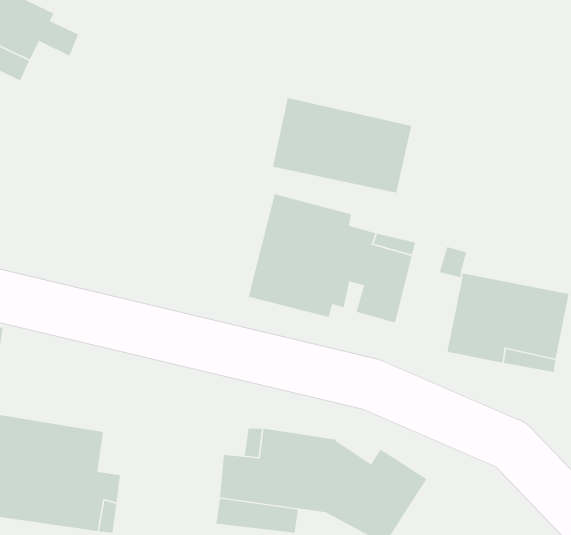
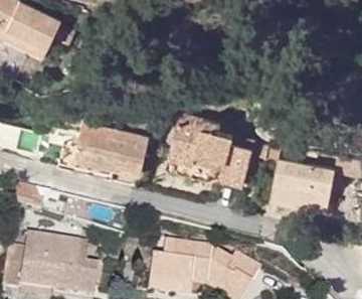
building: [272,97,412,194] -> [74,121,149,172]

